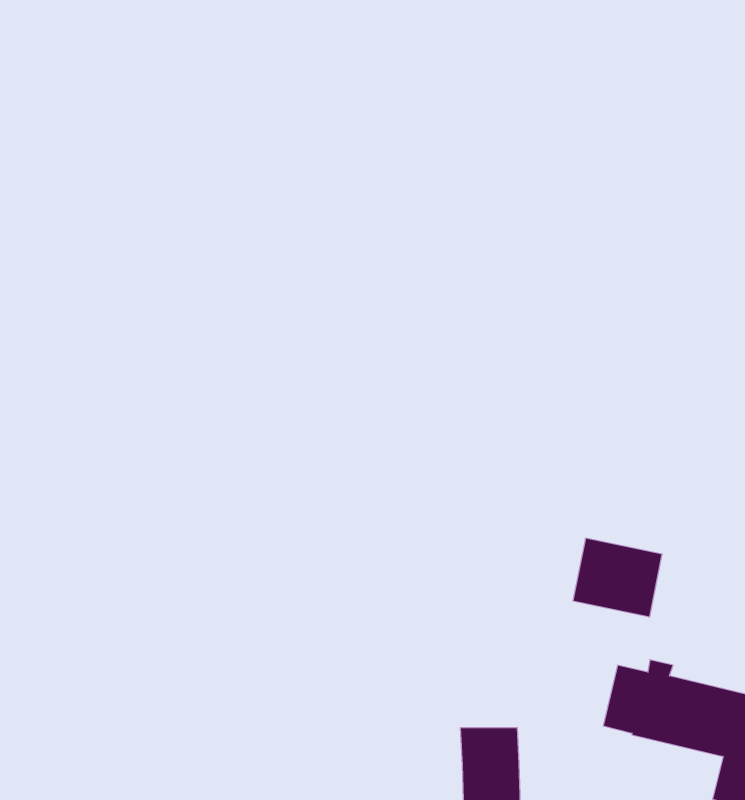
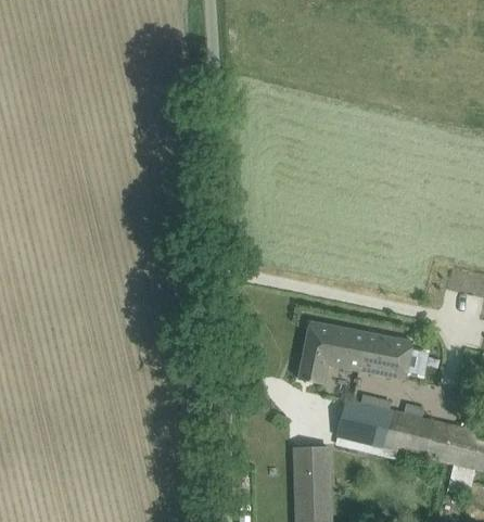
building: none -> [297,321,369,383]
building: none -> [335,398,389,446]

